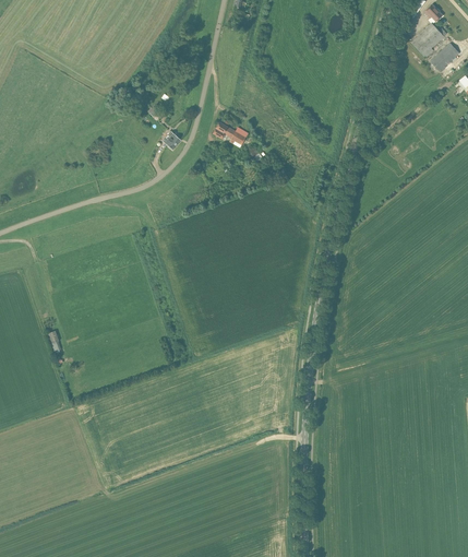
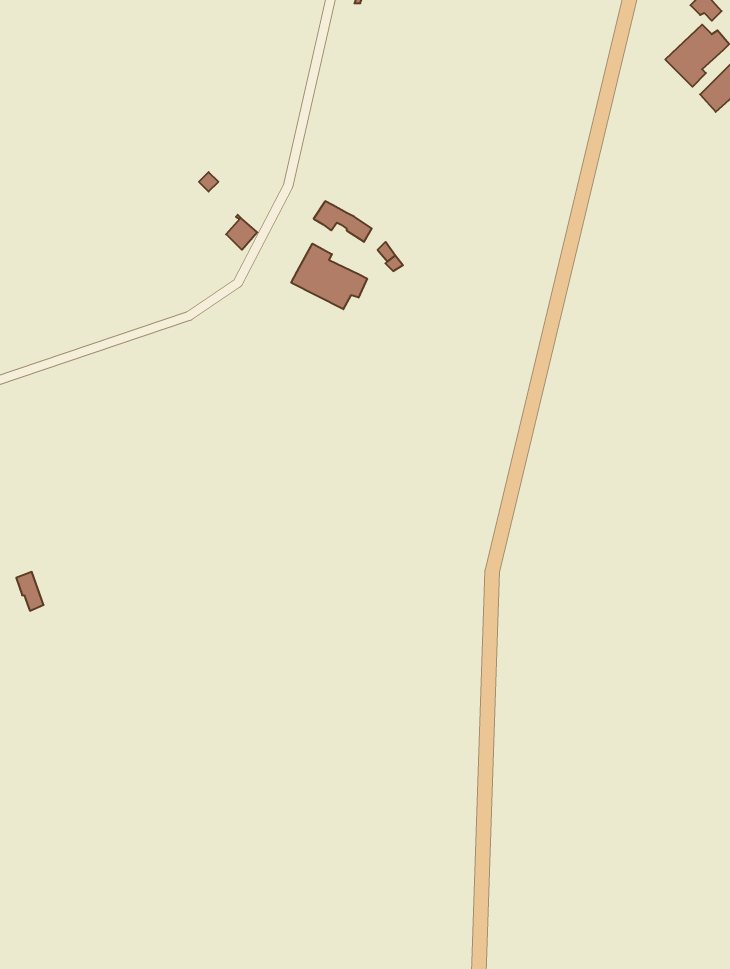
building: none -> [291,244,367,309]

